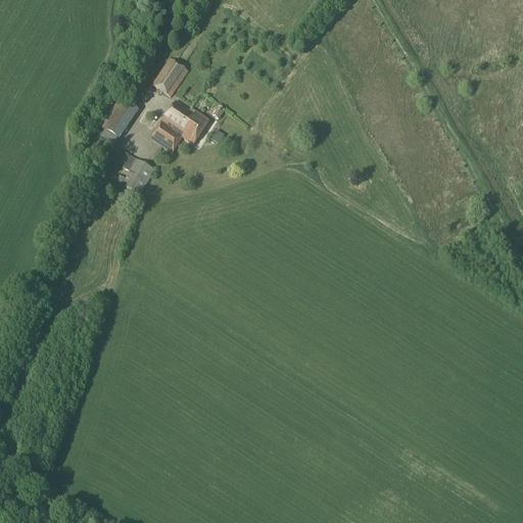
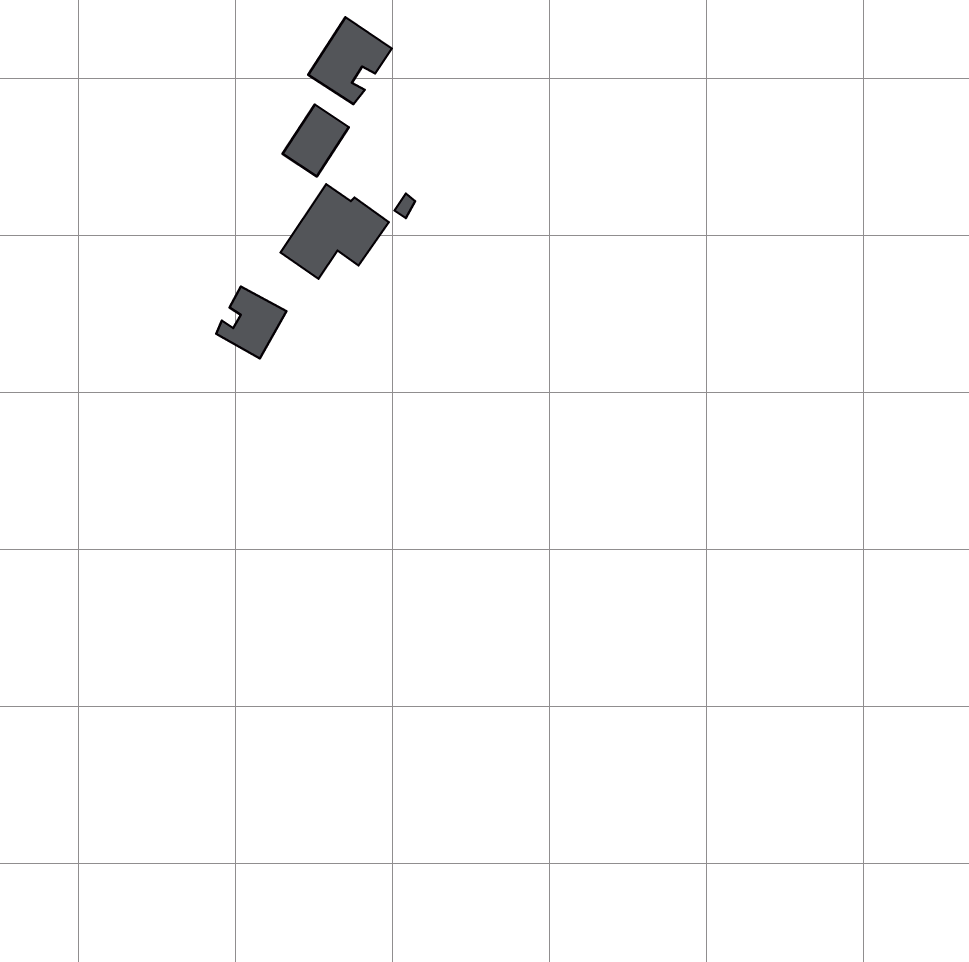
building: none -> [308,17,392,104]
building: [101,96,138,143] -> none

